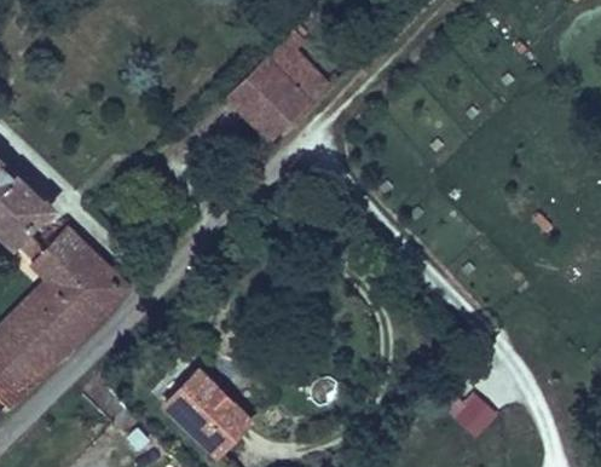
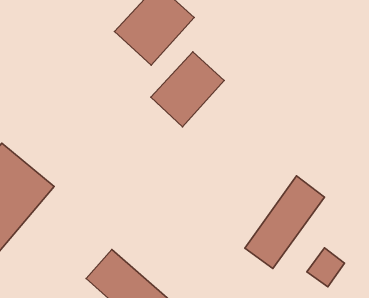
building: none -> [151,52,224,127]
building: none -> [245,176,324,268]

